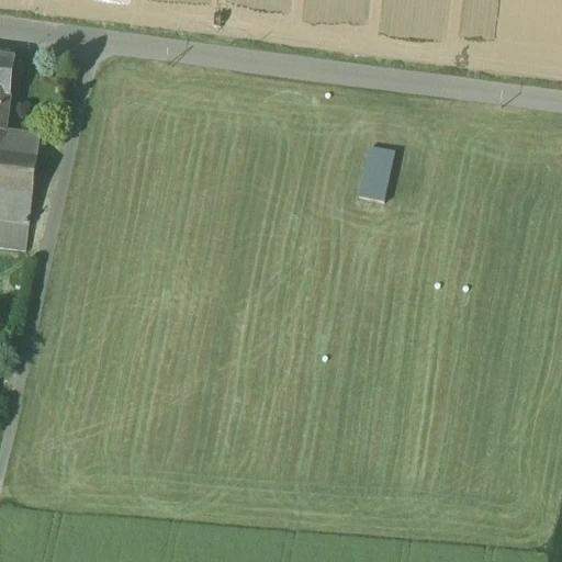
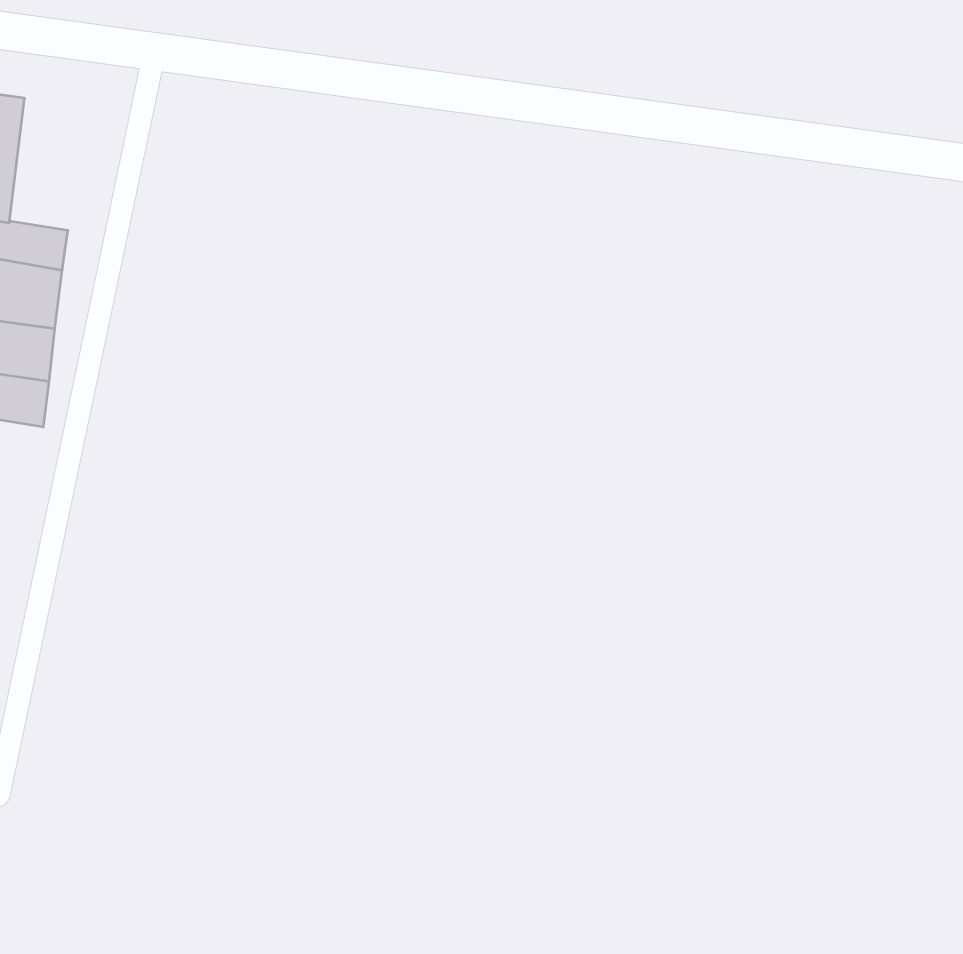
building: [357,145,394,200] -> none

